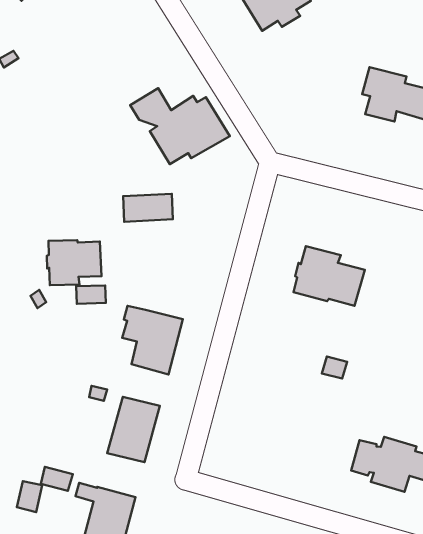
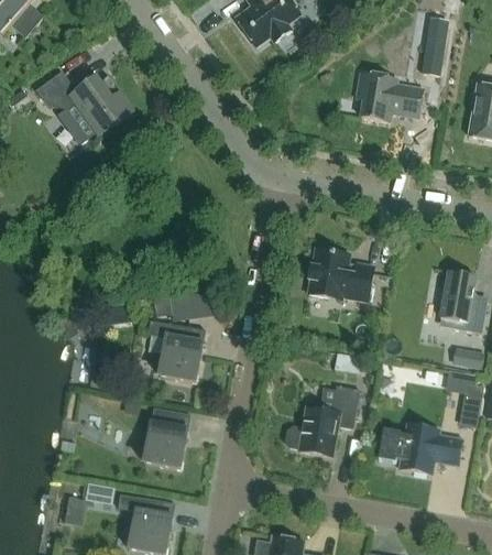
building: [130,88,230,164] -> [35,73,133,144]
building: [123,194,173,222] -> [165,289,215,319]
building: [47,240,101,285] -> none
building: none -> [283,385,360,457]

